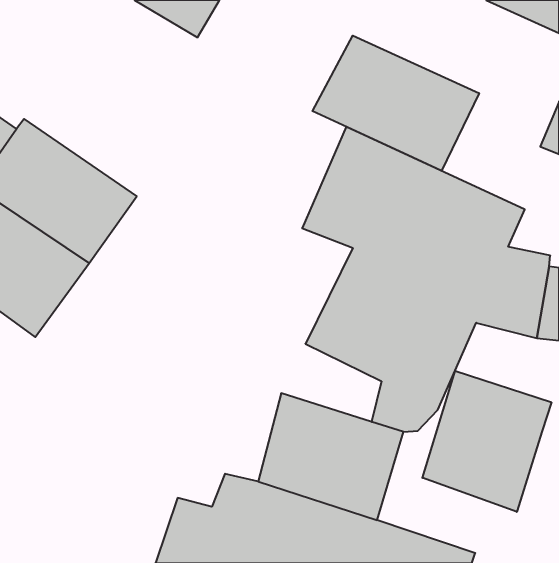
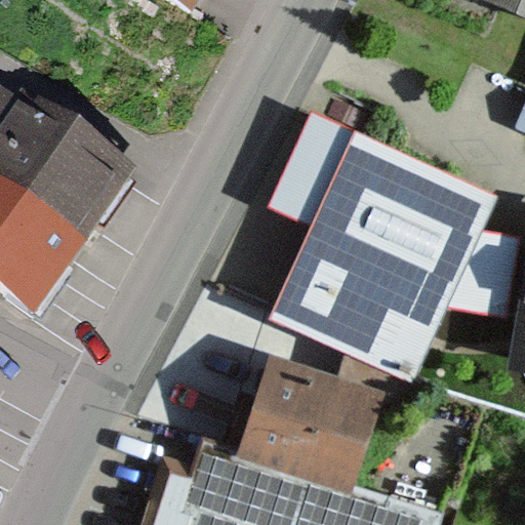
building: [312,36,479,171] -> none
building: [422,371,551,512] -> none

